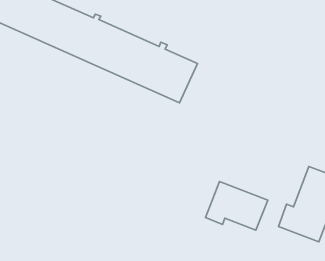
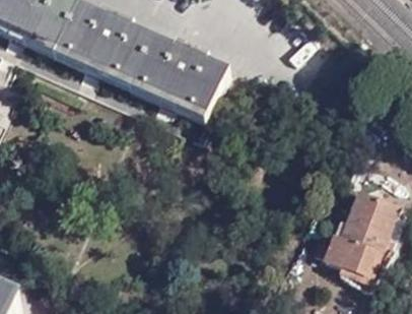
building: [206,182,268,230] -> none

